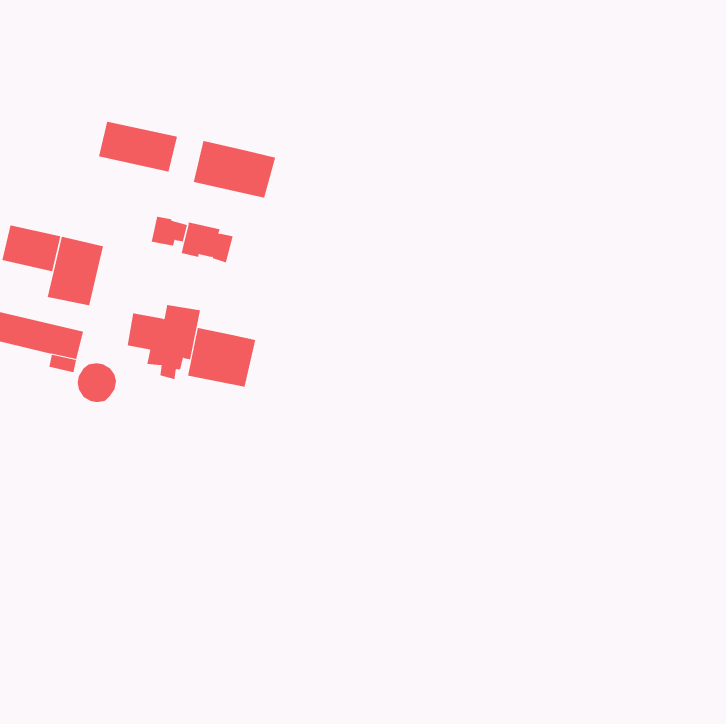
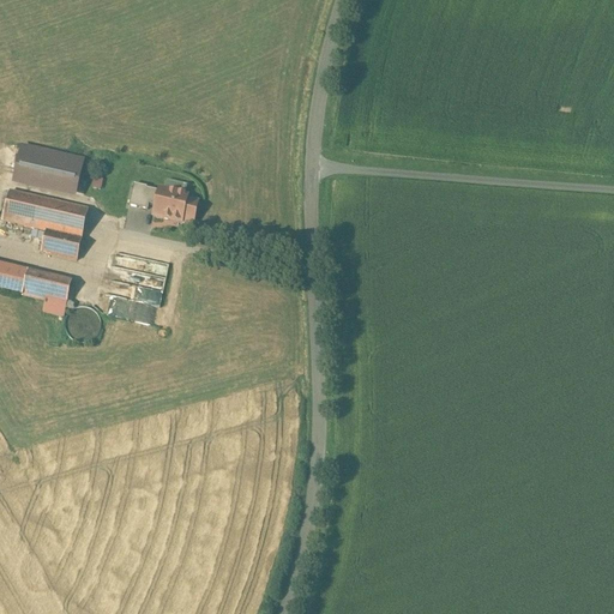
building: [98,121,178,172] -> [14,145,82,188]
building: [193,140,276,199] -> none
building: [187,327,256,387] -> none

